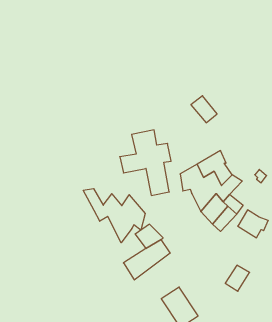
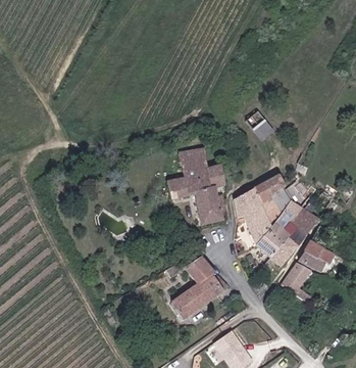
building: none -> [290,208,318,235]
building: [83,189,145,243] -> none
building: [225,265,250,291] -> [284,262,311,291]

